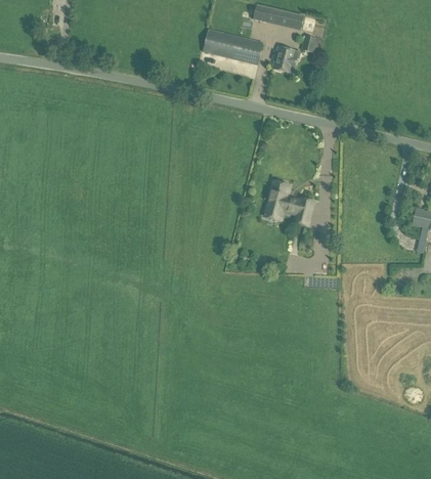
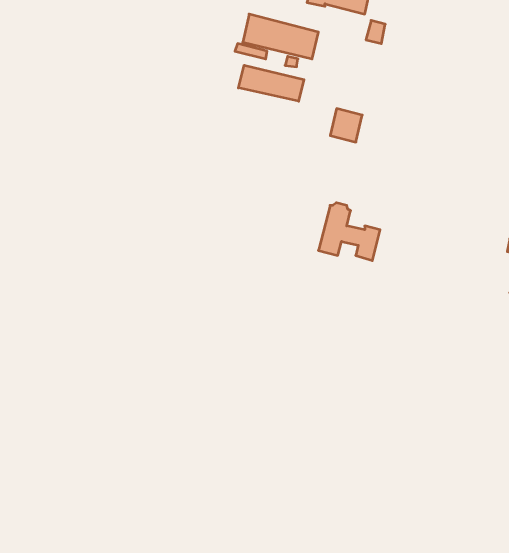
building: [272,45,298,72] -> [330,109,362,142]
building: none -> [238,65,304,101]

